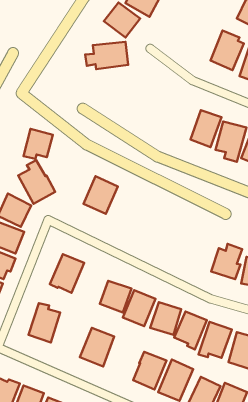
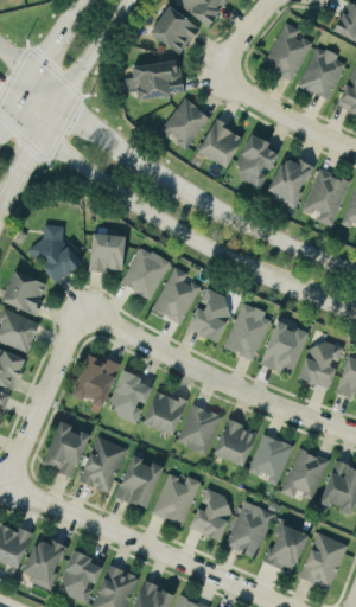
building: none -> [262,23,310,81]
building: none -> [159,97,208,148]
building: none -> [198,121,244,167]
building: none -> [237,134,280,189]
building: [24,129,53,159] -> [88,232,128,274]
building: none -> [152,267,197,324]
building: none -> [187,288,235,341]
building: none -> [222,304,271,359]
building: none -> [261,321,310,377]
building: none -> [113,371,153,423]
building: none -> [78,436,127,493]
building: none -> [152,473,198,525]

